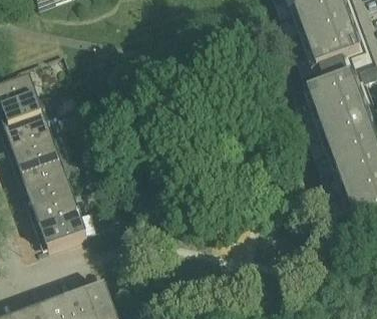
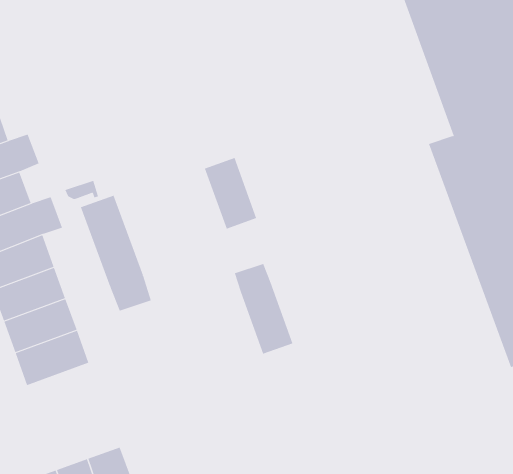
building: none -> [204,157,257,230]
building: none -> [80,195,152,311]
building: none -> [234,263,293,354]

